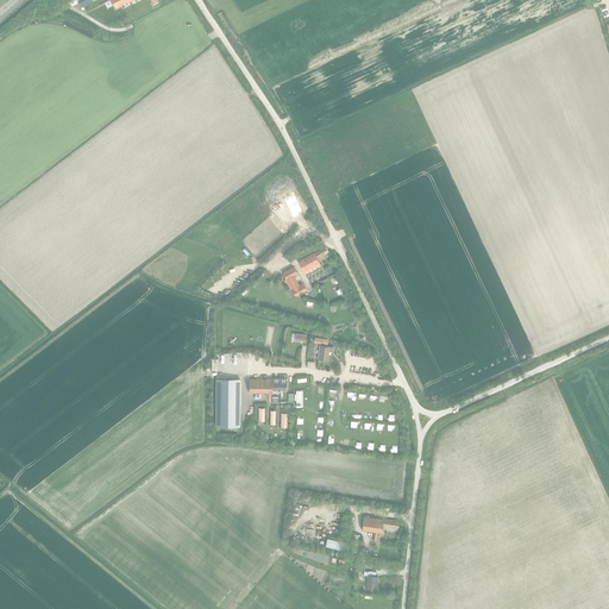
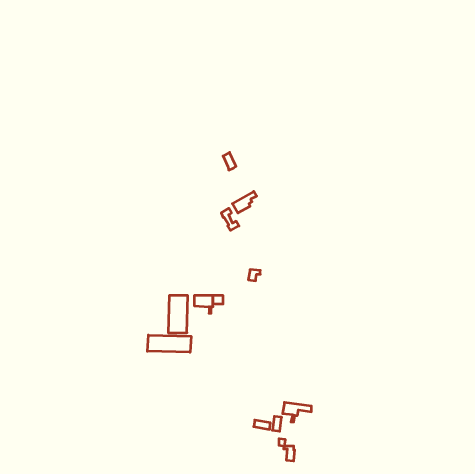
building: none -> [147,335,191,352]

